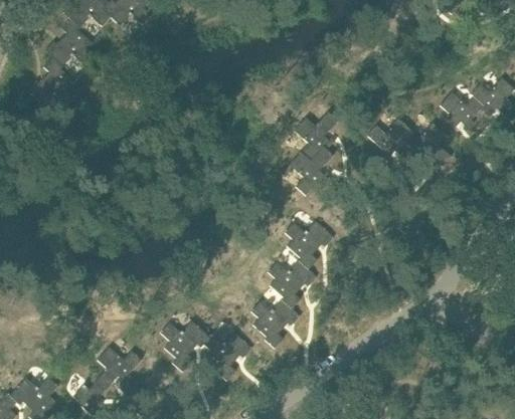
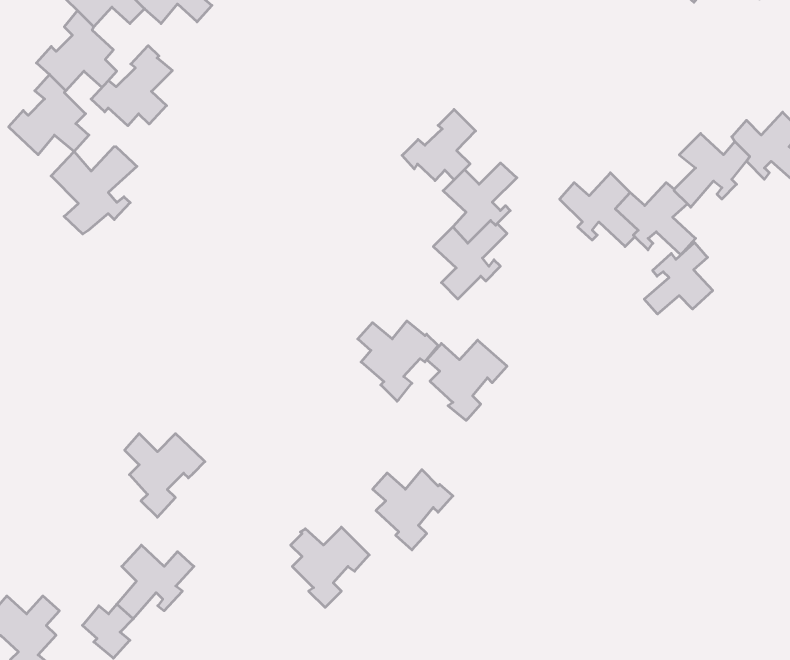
building: none -> [91,46,172,126]
building: none -> [402,109,476,181]
building: none -> [51,147,137,234]
building: none -> [644,243,713,314]
building: [268,259,317,308] -> [358,321,438,401]
building: [159,321,208,372] -> [125,434,205,517]

